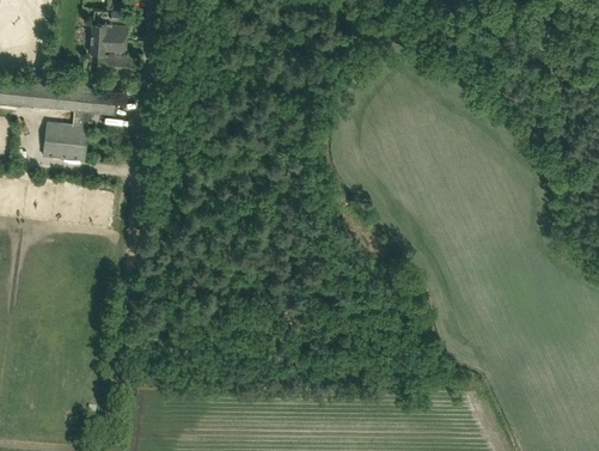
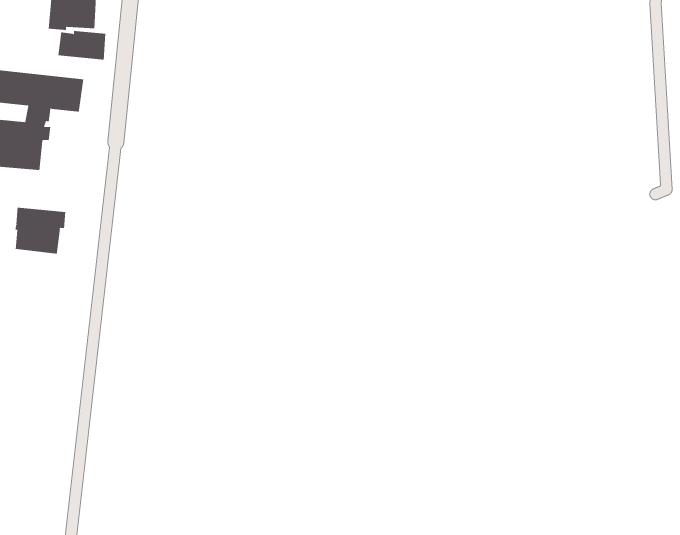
building: none -> [15,207,66,254]

